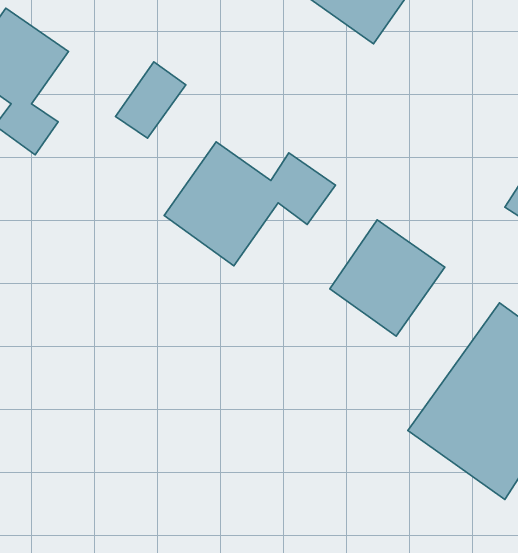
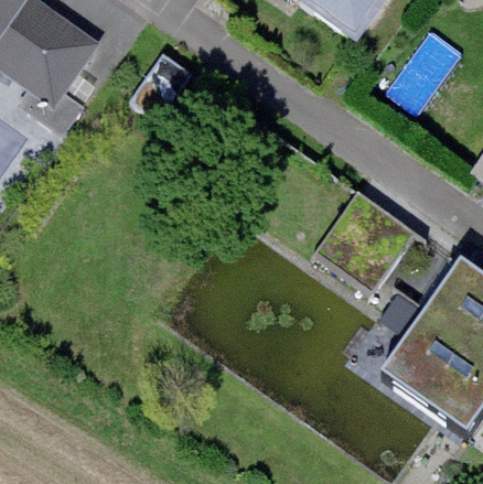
building: [164,142,336,266] -> none

